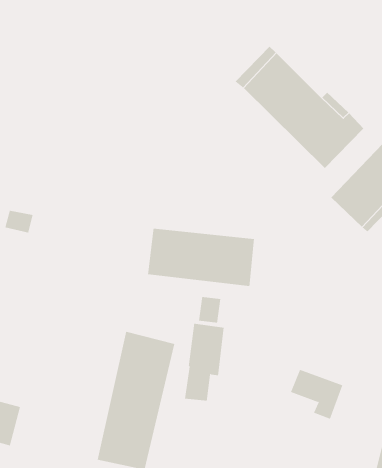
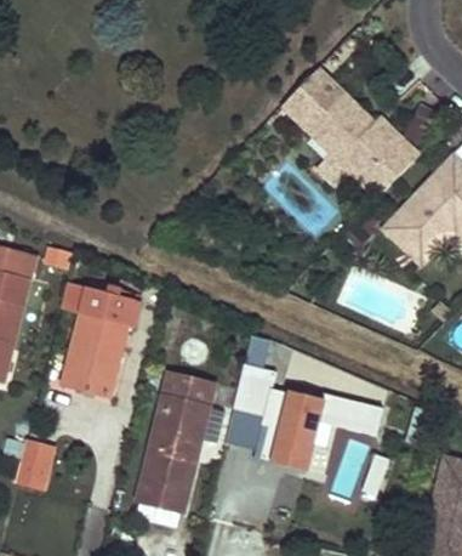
building: [147,228,254,287] -> none
building: none -> [58,276,139,397]
building: none -> [267,379,346,459]

